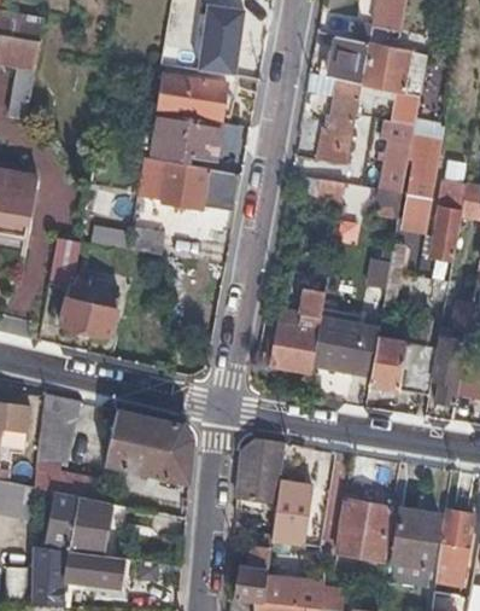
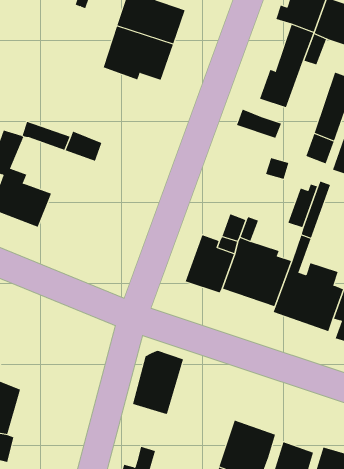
building: [141,156,241,208] -> none
building: [104,409,192,482] -> none
building: [270,485,312,551] -> none

